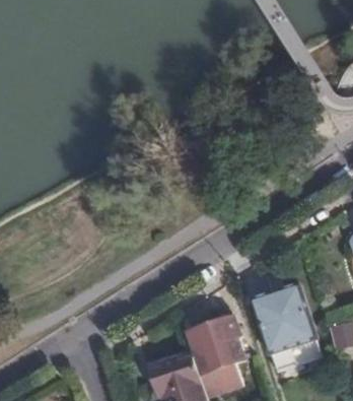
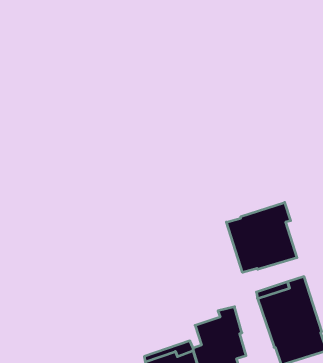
building: none -> [226,202,297,272]

